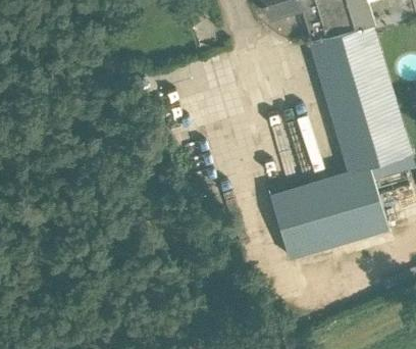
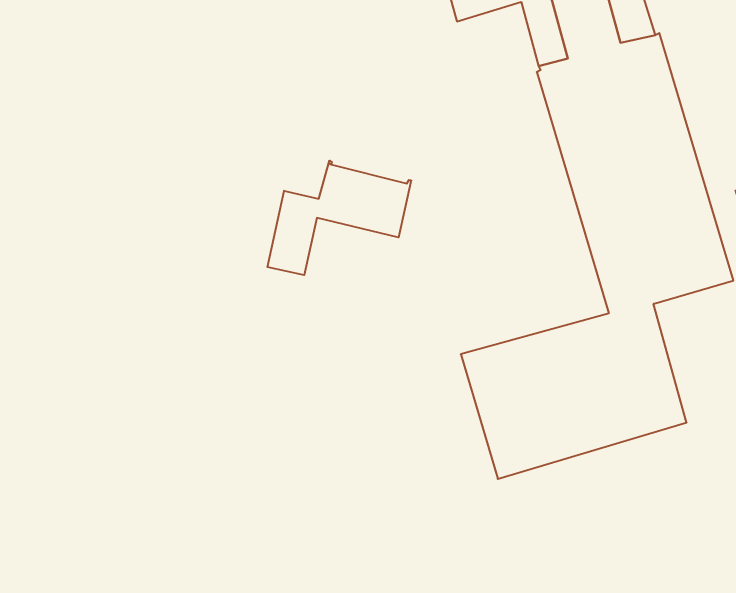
building: none -> [267,161,411,275]

